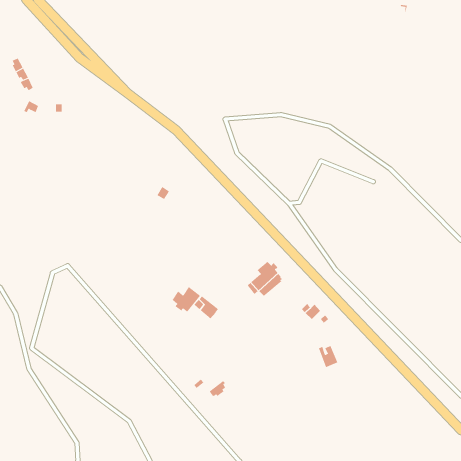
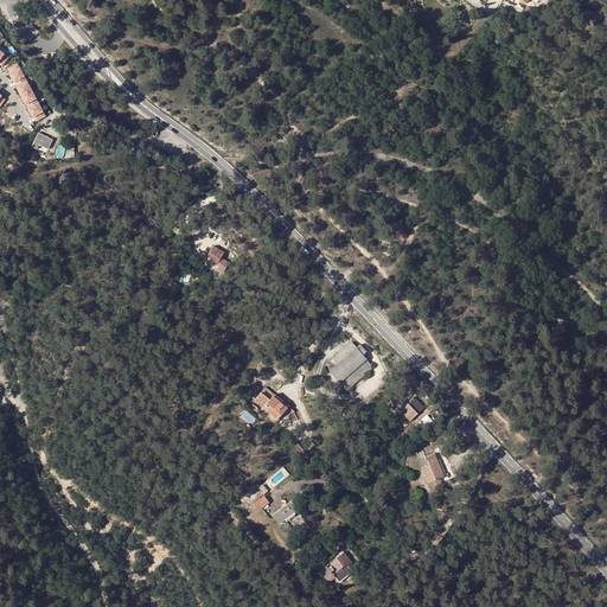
building: [172,286,201,312] -> none
building: none -> [317,551,353,583]

